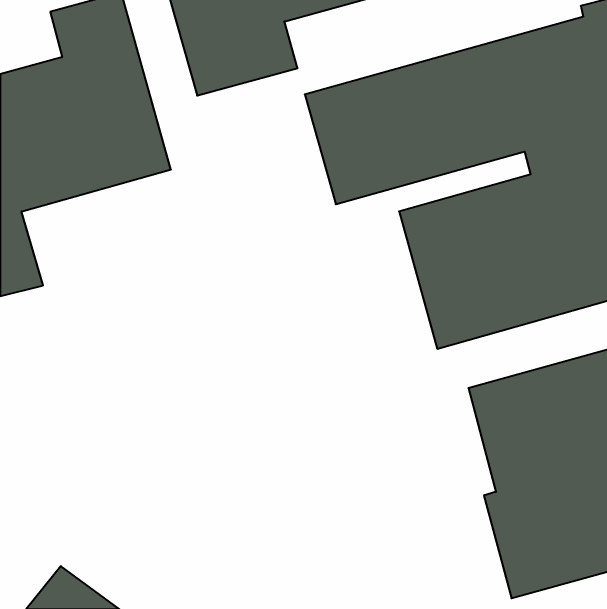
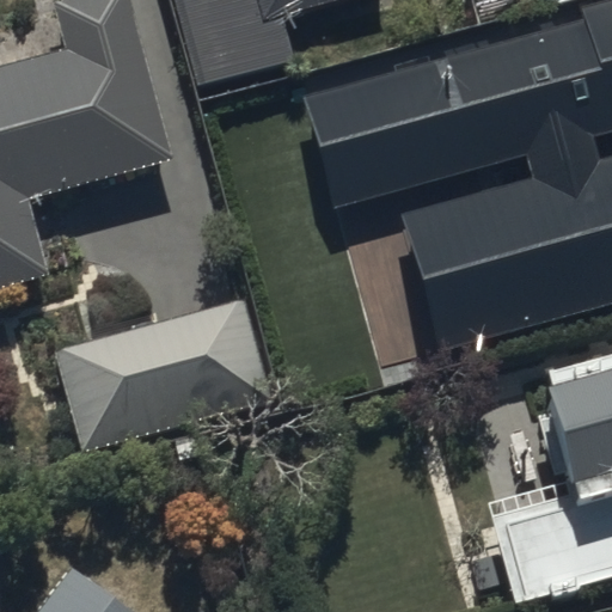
building: none -> [53,293,275,454]

